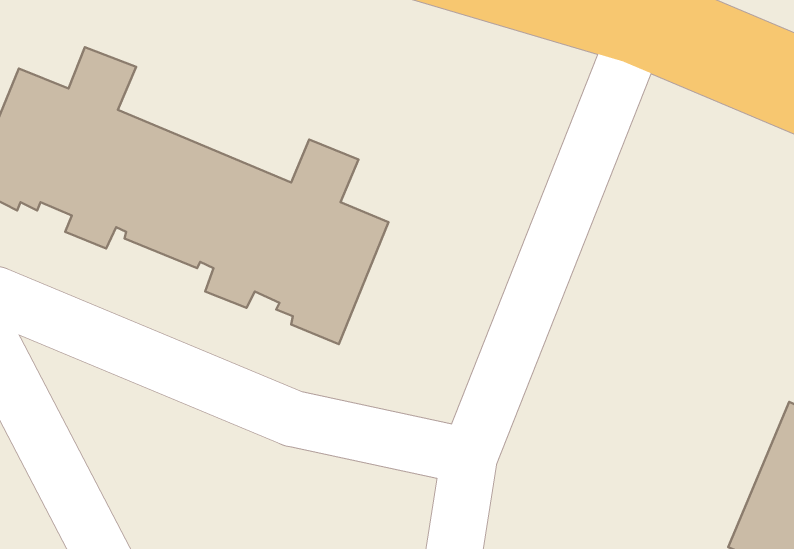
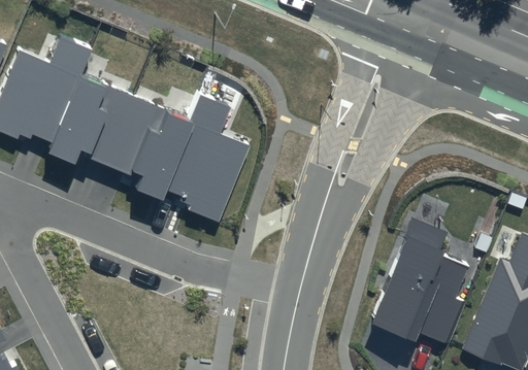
building: none -> [372,217,468,343]

